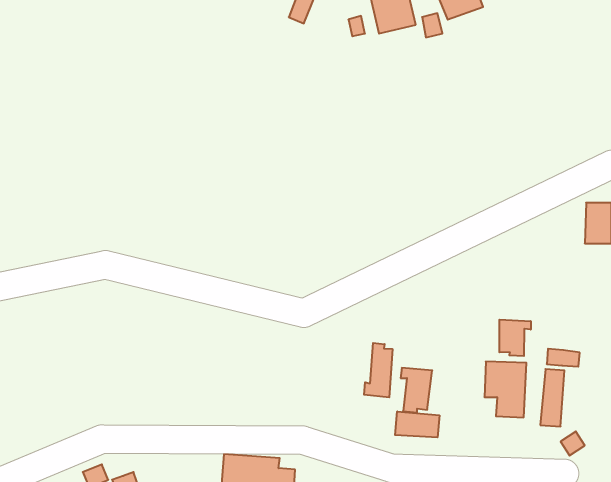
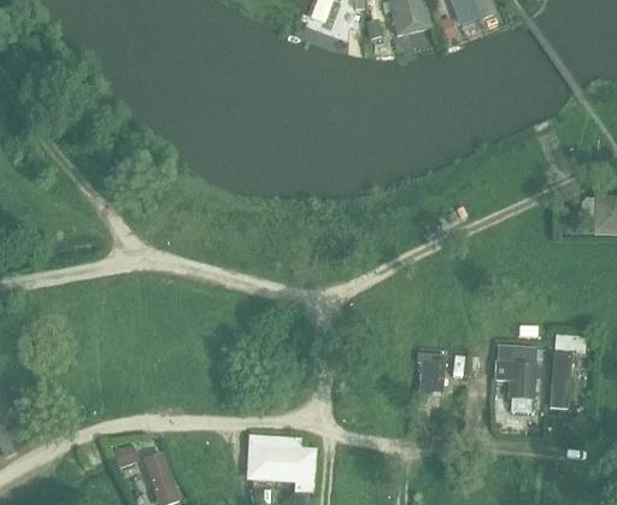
building: [499,320,531,356] -> none
building: [364,343,392,397] -> none
building: [395,411,439,437] -> none

